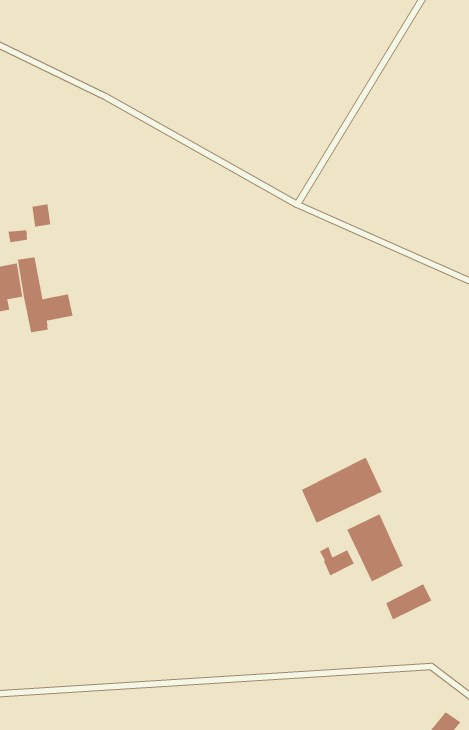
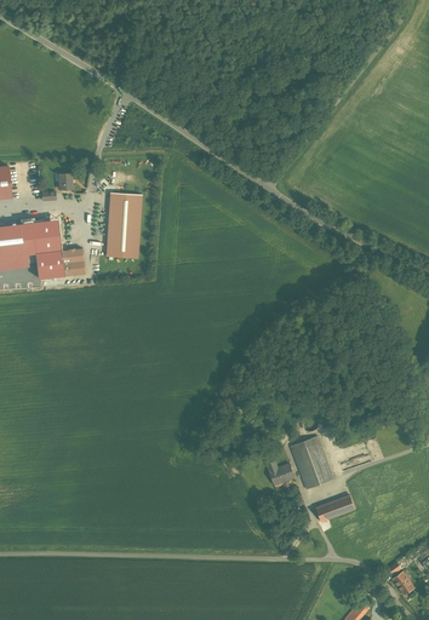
building: none -> [105,194,142,259]
building: [301,457,383,524] -> none

